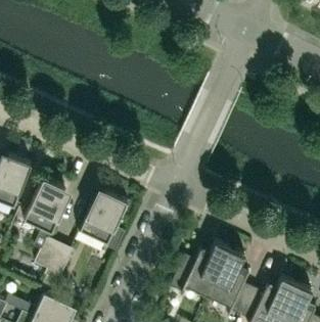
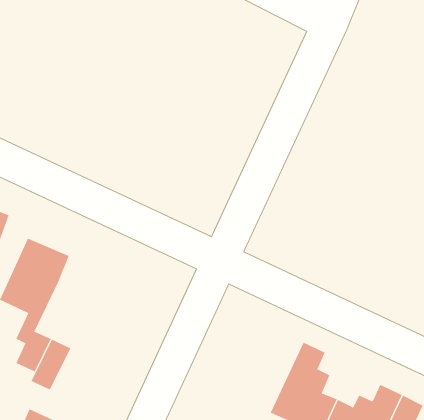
building: [80,187,128,251] -> none
building: [181,241,230,296] -> none

